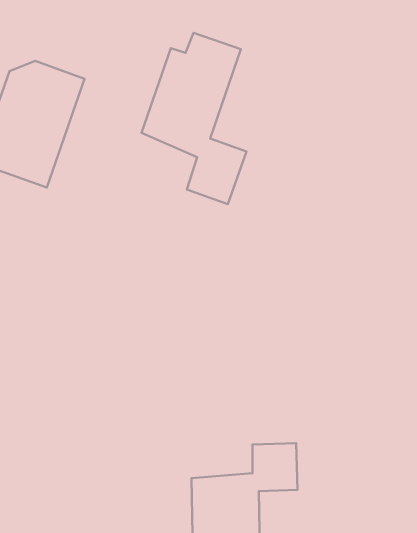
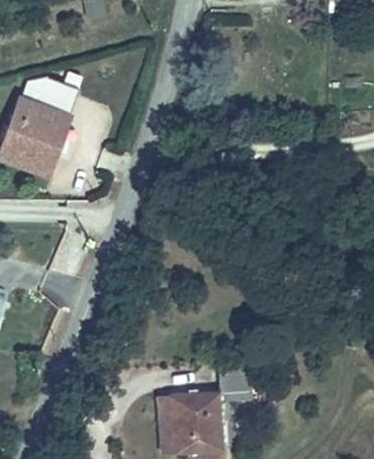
building: [142,33,246,204] -> none

